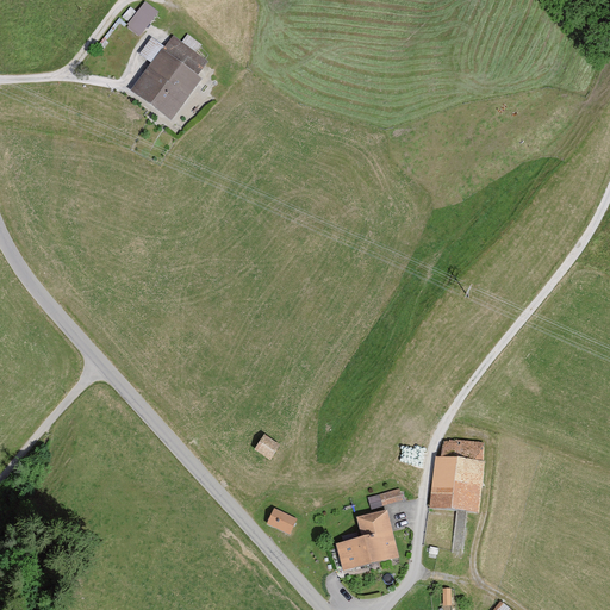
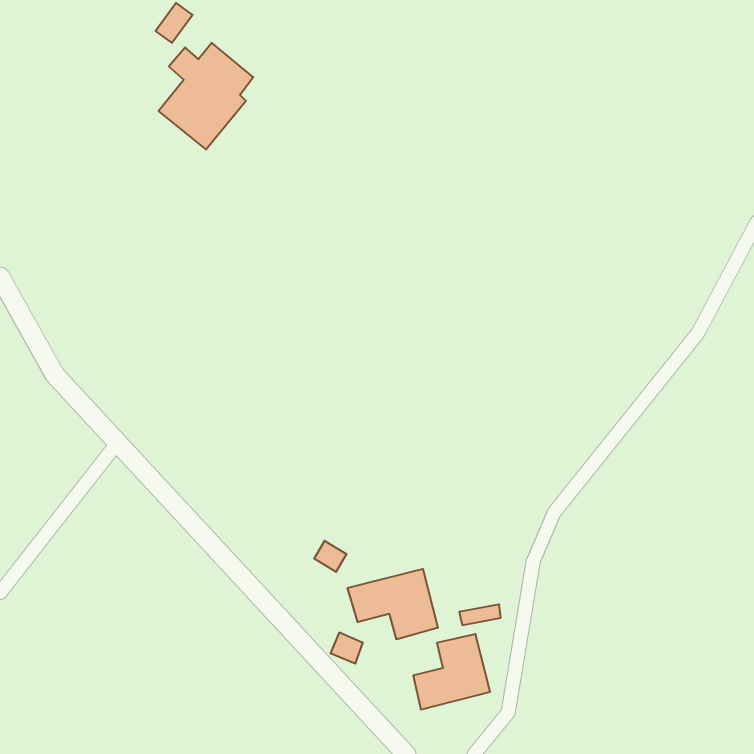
building: [430,440,484,510] -> none
building: none -> [348,569,438,639]

